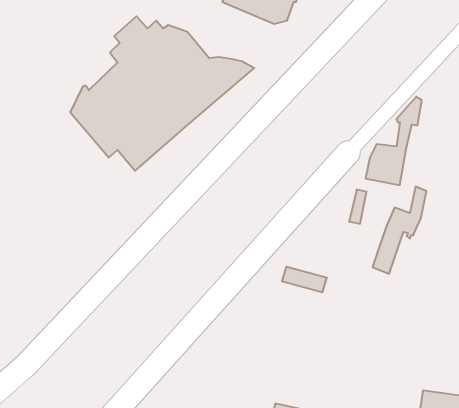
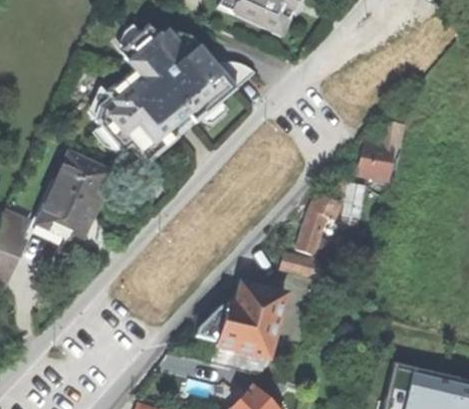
building: none -> [36,157,108,244]
building: [373,187,426,274] -> [298,175,347,254]
building: none -> [197,285,282,374]

